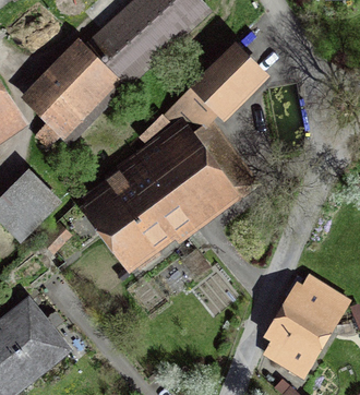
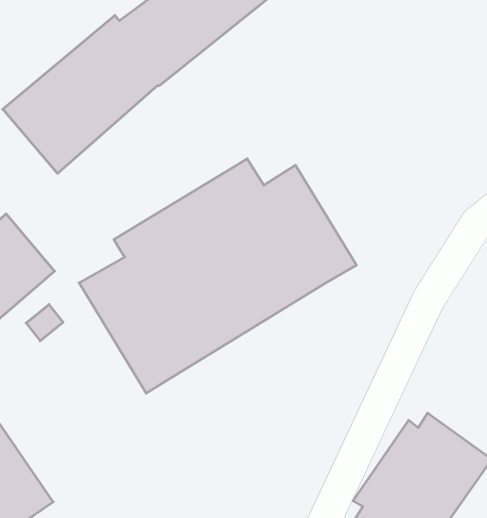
building: [188,46,265,122] -> none

